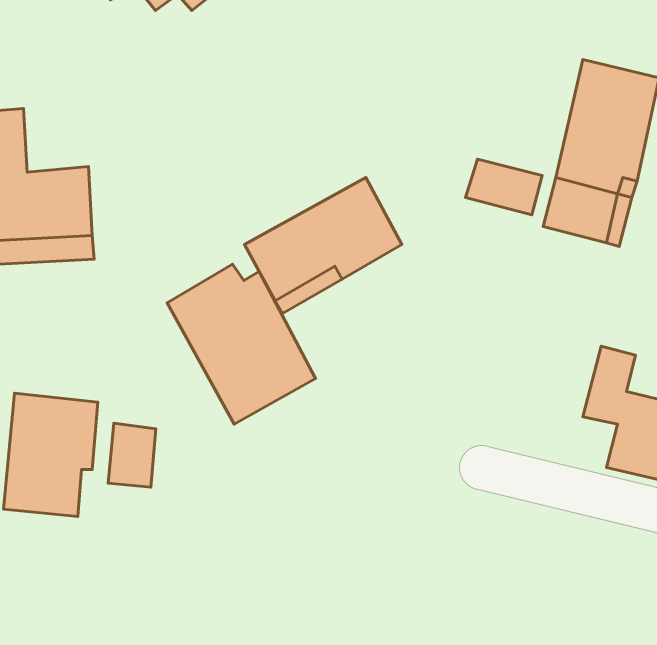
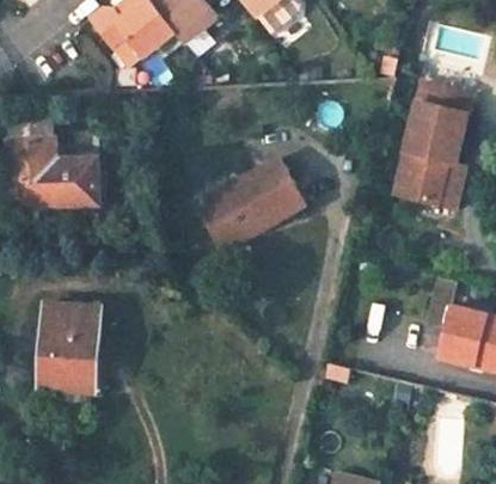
building: [466,159,542,215] -> none
building: [167,264,315,424] -> none
building: [108,423,156,487] -> none

